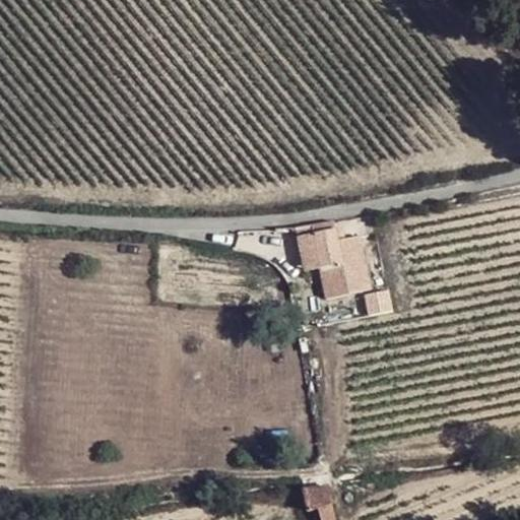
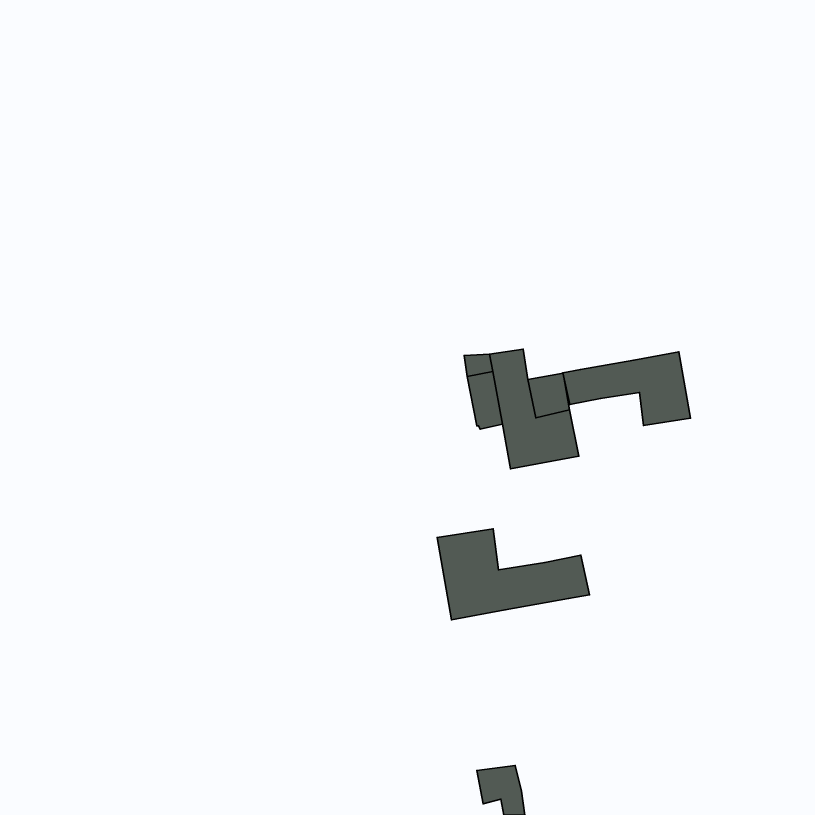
building: none -> [563,352,691,425]
building: none -> [437,529,590,620]

